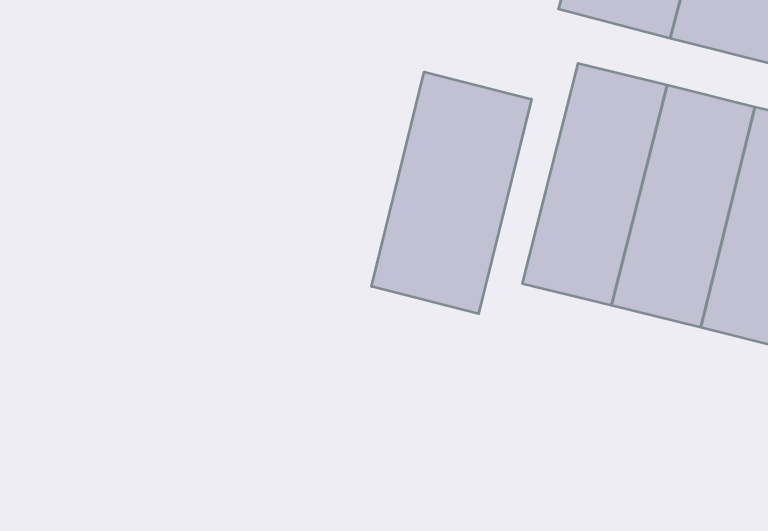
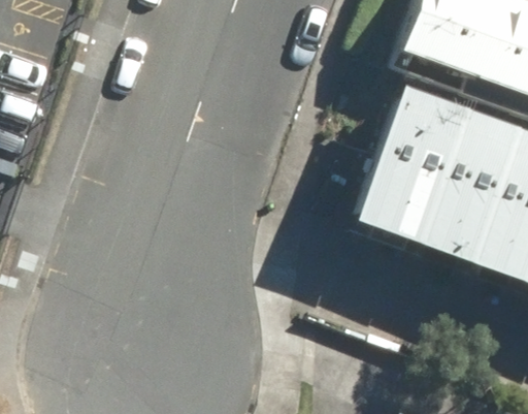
building: [372,72,531,314] -> none

